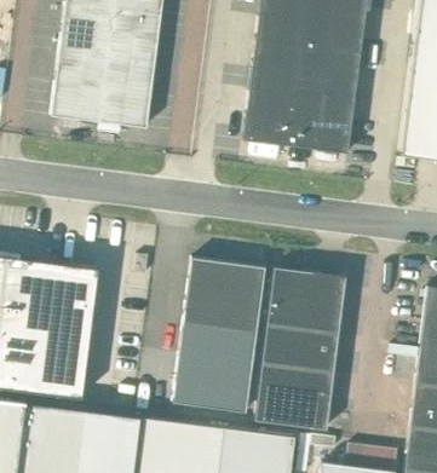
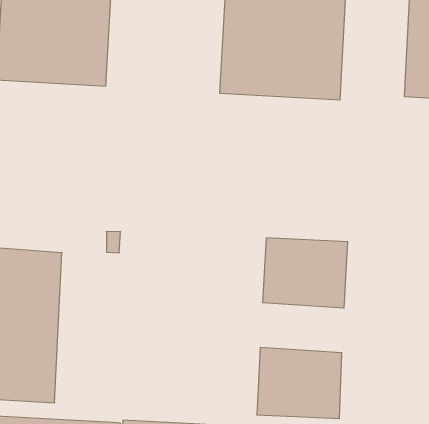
building: [172,258,264,413] -> none
building: [261,324,337,373] -> none

